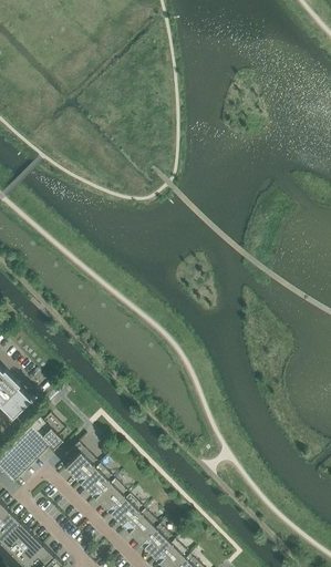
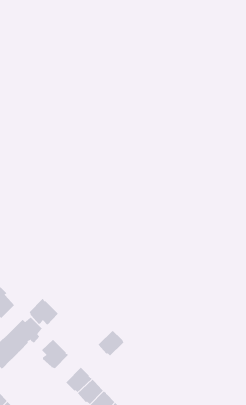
building: none -> [28,298,59,325]
building: [79,465,114,501] -> [97,330,125,357]

